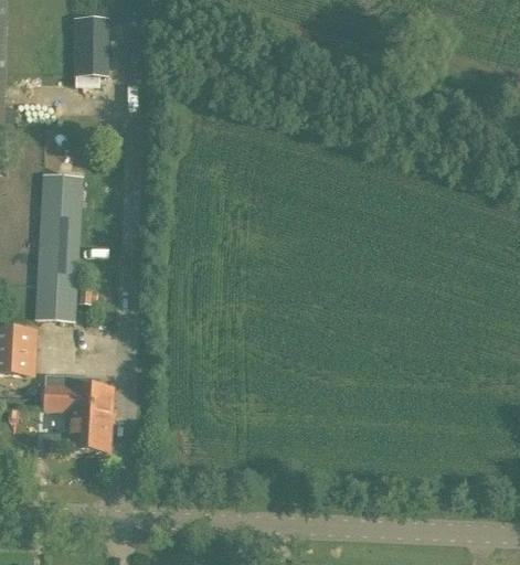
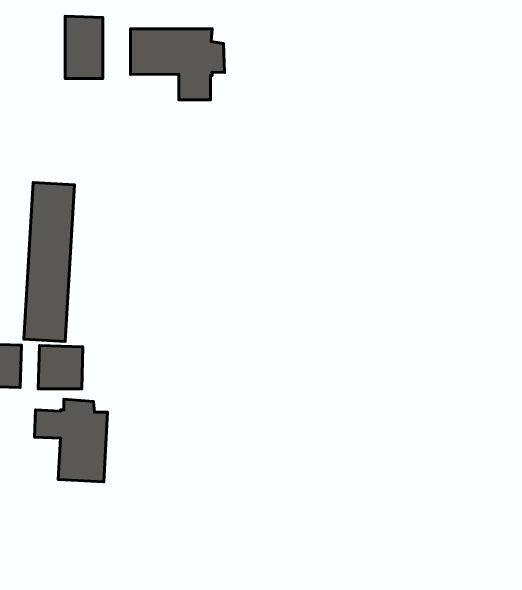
building: none -> [130,29,225,100]
building: none -> [38,346,83,389]

